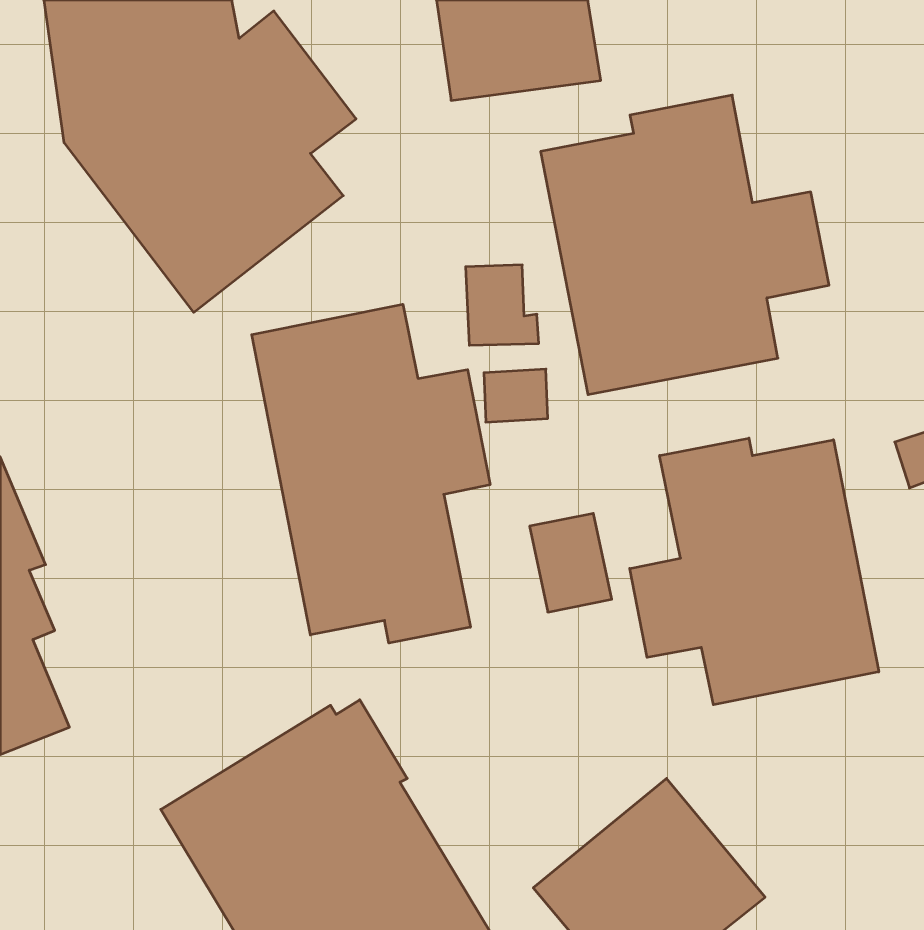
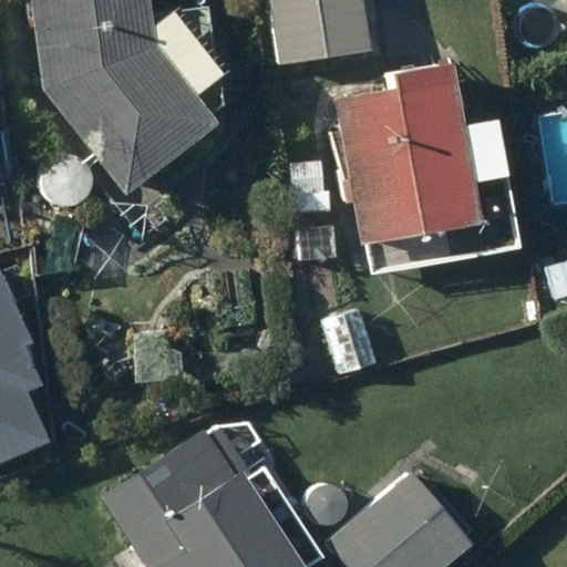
building: [252,304,490,643] -> none
building: [630,438,879,705] -> none

